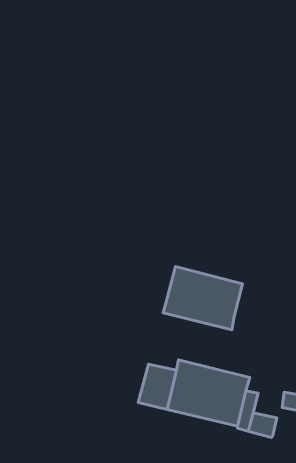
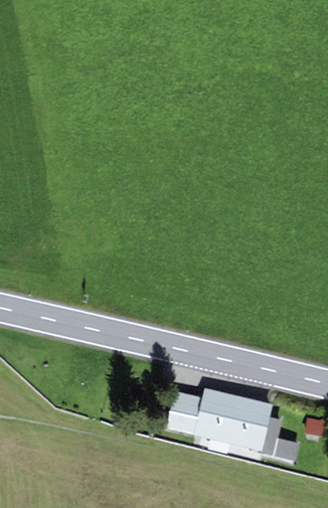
building: [163,266,243,330] -> none

